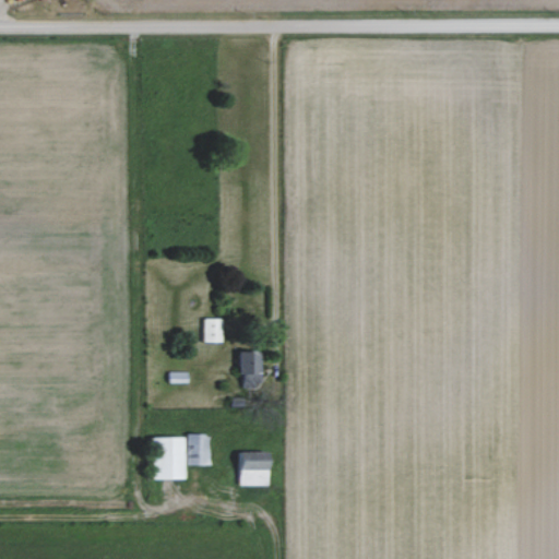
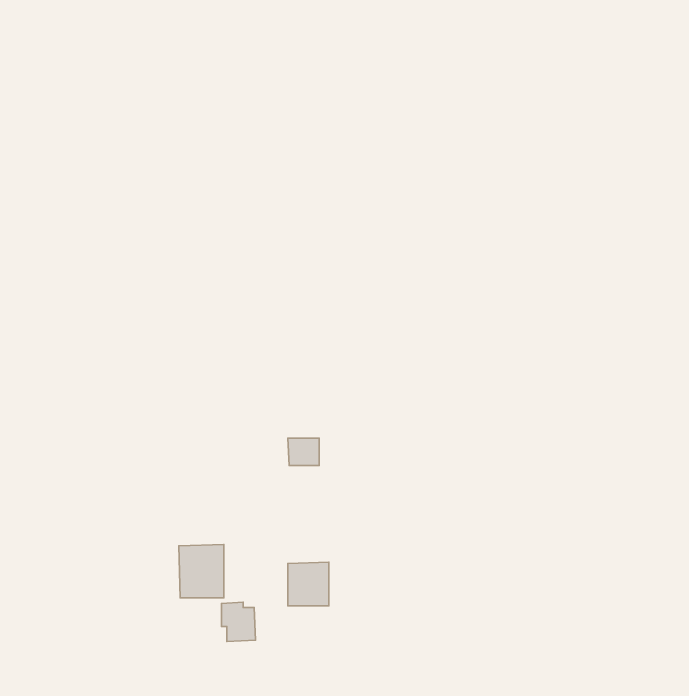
building: [205,319,226,343] -> none
building: [188,433,215,465] -> [221,602,256,642]

